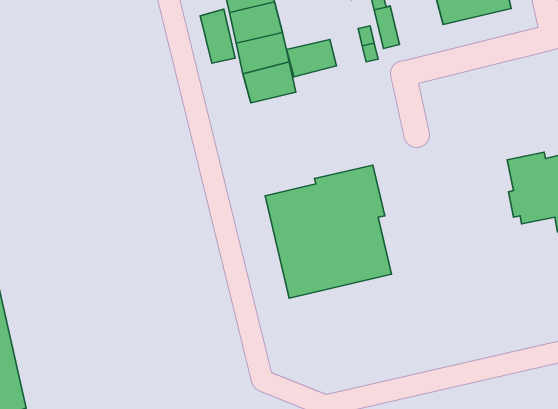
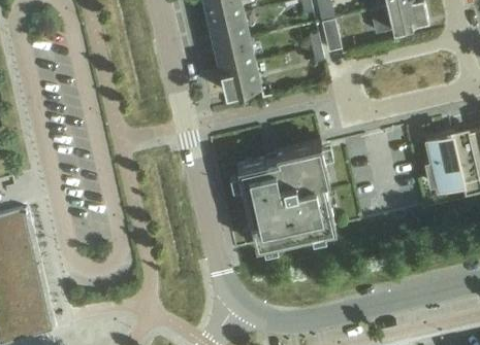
building: [200,9,235,63] -> none
building: [287,40,337,77] -> none

